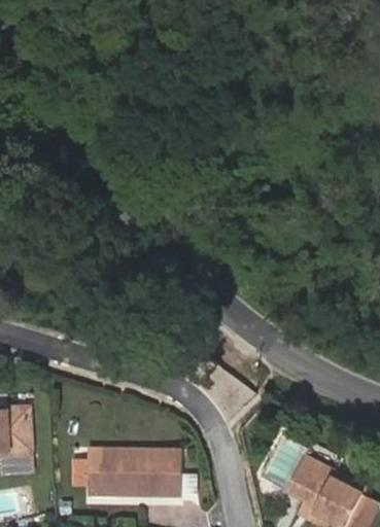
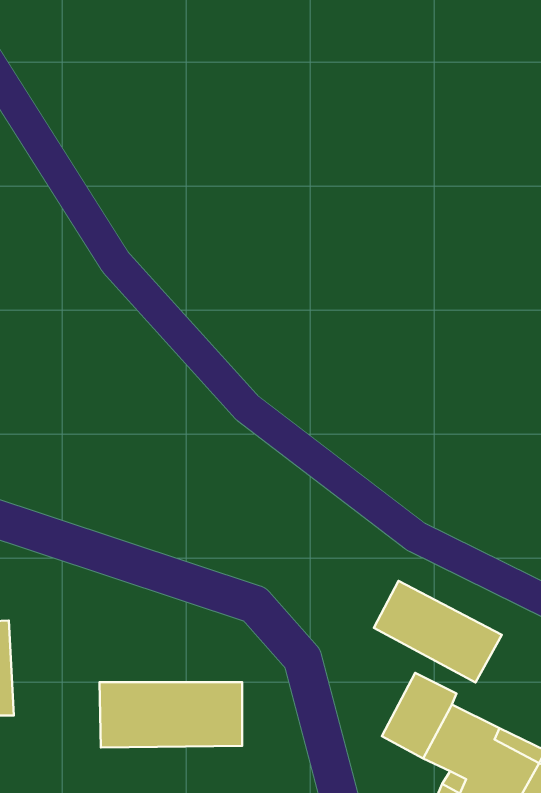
building: none -> [374,581,502,682]

